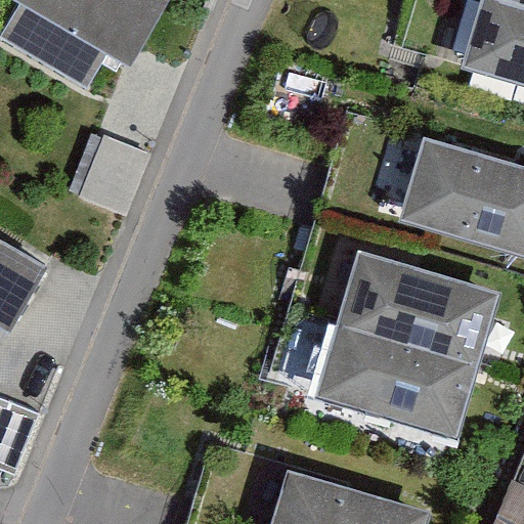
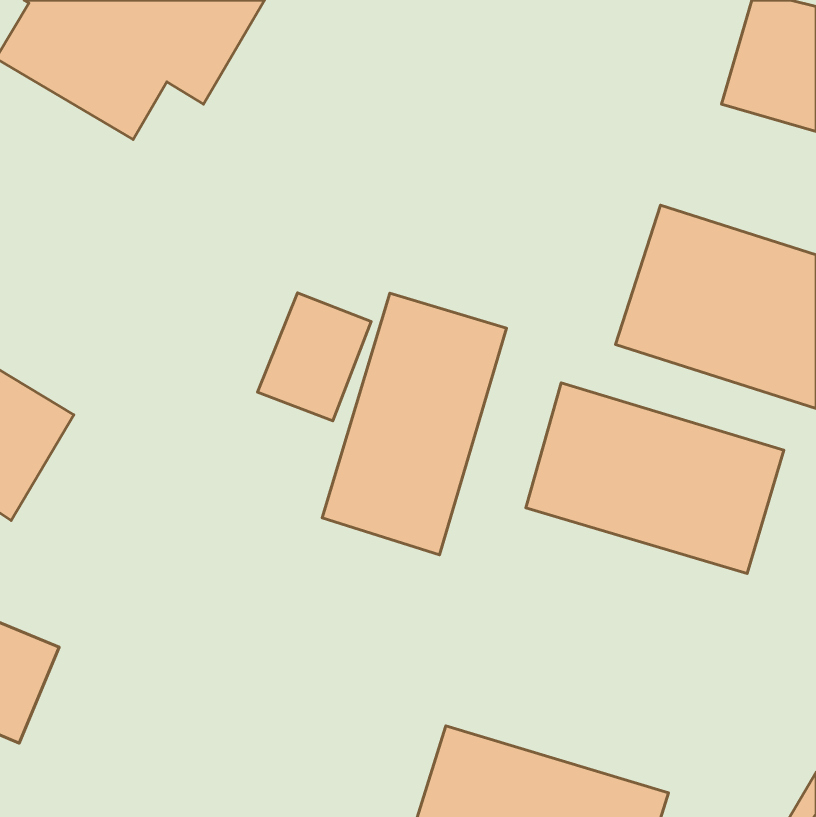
building: [77,136,149,218] -> [257,293,371,421]
building: none -> [322,293,507,555]
building: [315,325,477,436] -> none

